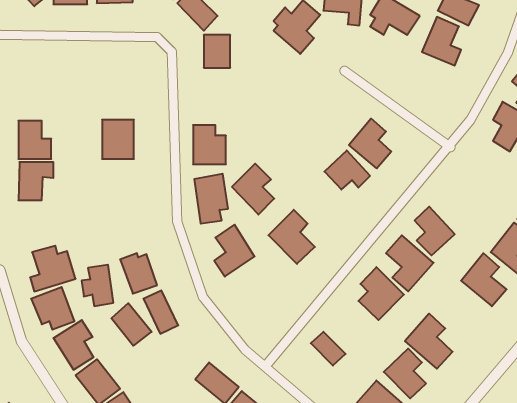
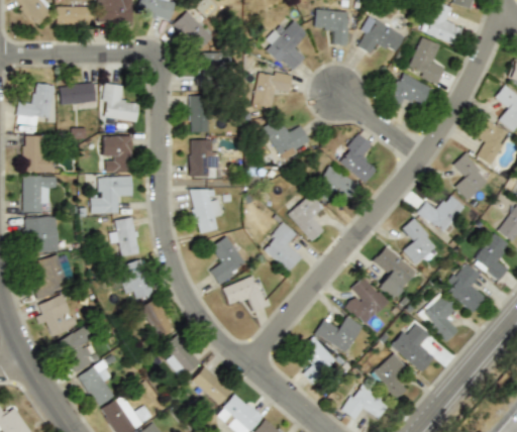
building: none -> [251,69,292,109]
building: none -> [386,73,433,111]
building: none -> [100,82,140,122]
building: none -> [15,83,54,129]
building: none -> [60,84,94,104]
building: none -> [189,97,208,132]
building: none -> [262,115,310,158]
building: none -> [450,153,490,201]
building: none -> [91,176,132,213]
building: [232,164,274,215] -> [288,193,328,241]
building: none -> [418,194,466,233]
building: none -> [25,216,59,253]
building: [82,265,113,306] -> [110,217,140,256]
building: none -> [222,275,269,310]
building: none -> [419,294,460,341]
building: [111,303,152,346] -> [162,335,200,375]
building: none -> [315,316,364,354]

